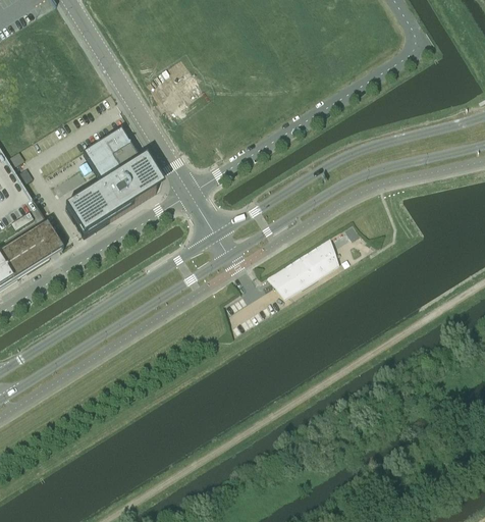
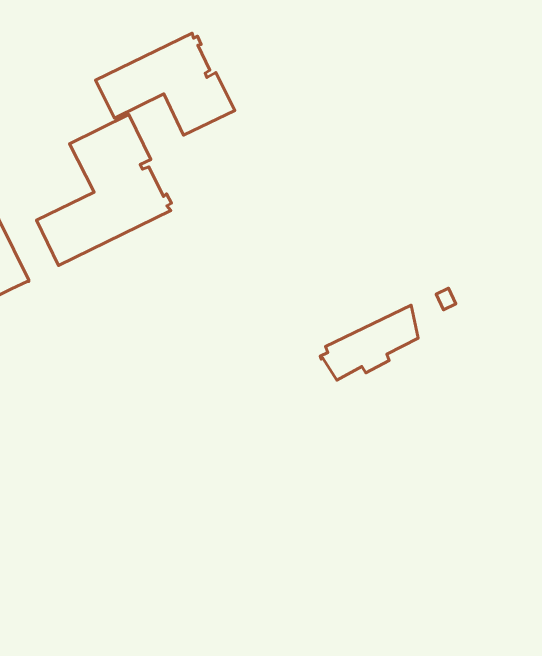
building: none -> [96,33,235,135]

